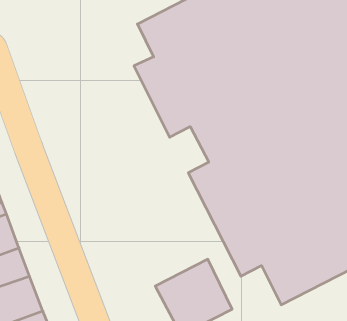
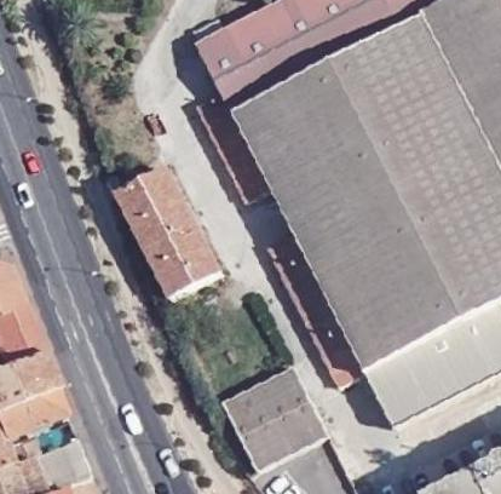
building: none -> [113,162,218,294]

